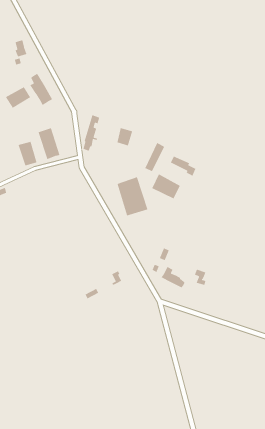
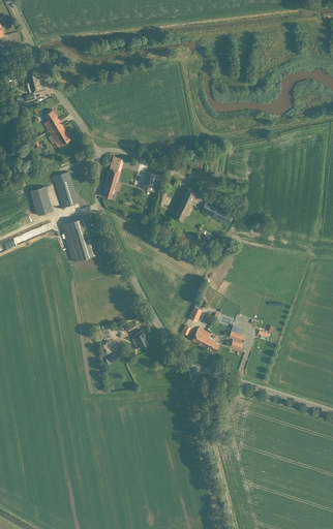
building: [5,86,31,109] -> none
building: [151,173,181,200] -> none
building: [116,176,149,216] -> [62,216,98,261]

